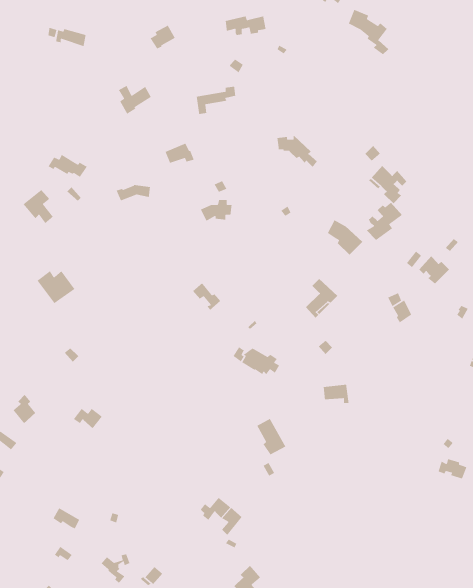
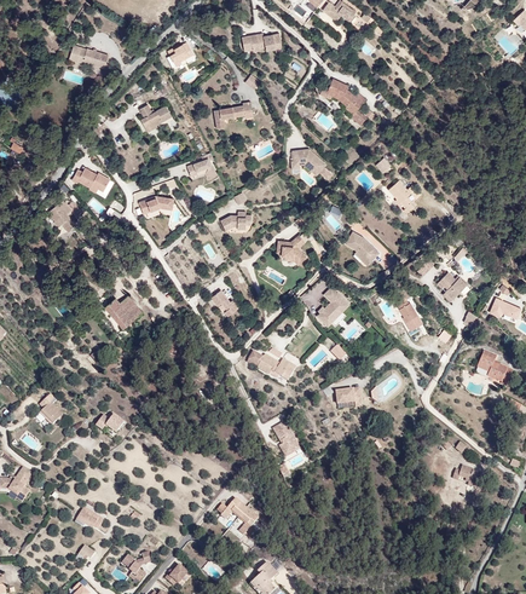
building: [348,9,389,55] -> [328,80,368,125]
building: [366,202,403,241] -> none
building: none -> [274,235,306,267]
building: [36,270,75,304] -> [106,296,144,329]

